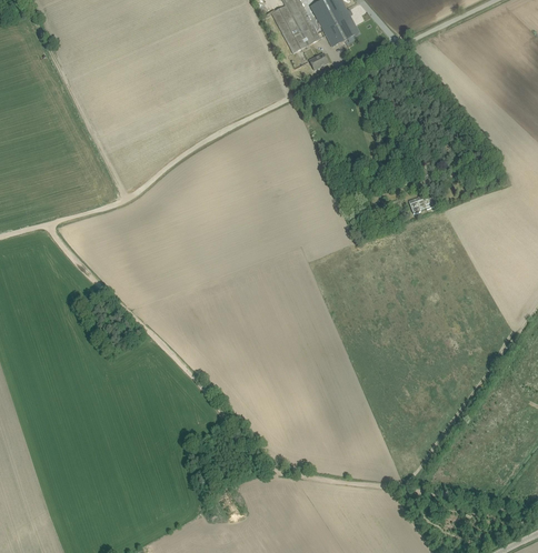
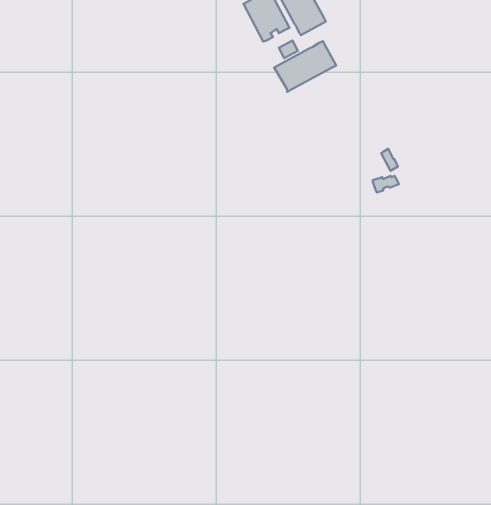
building: none -> [274,41,336,92]

